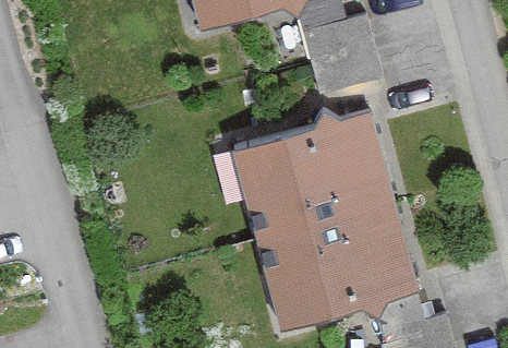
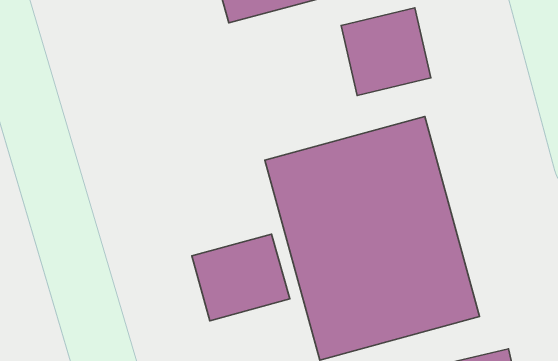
building: none -> [192,234,290,321]

